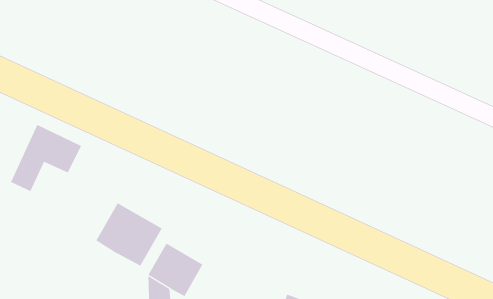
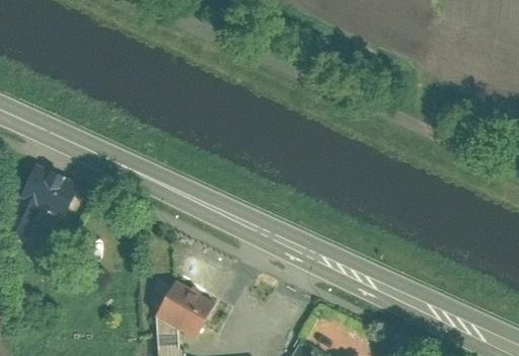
building: [95,202,162,267] -> none

